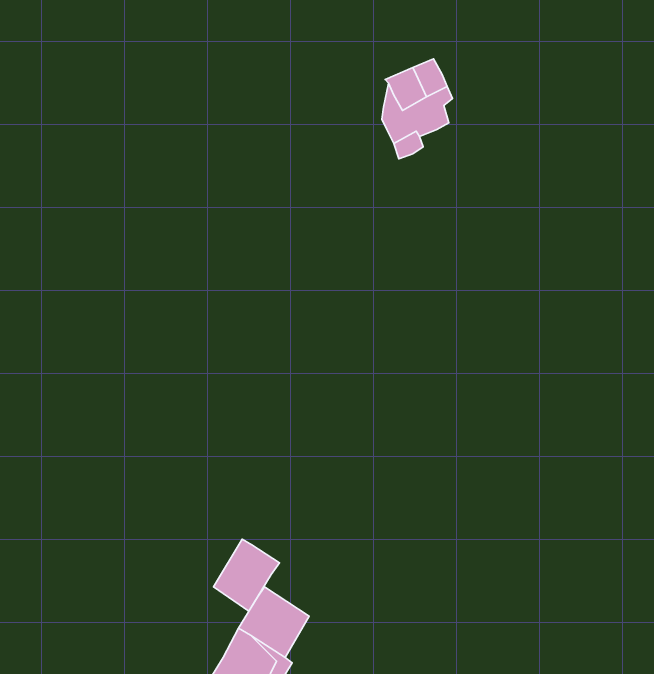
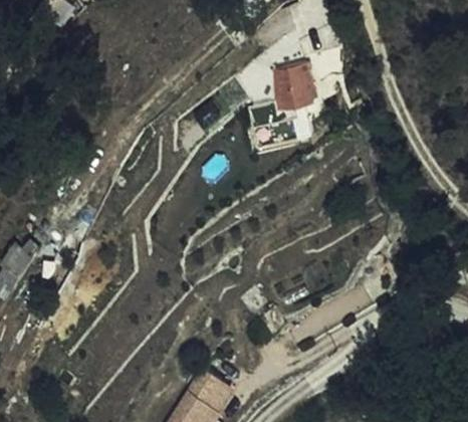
building: [213,539,279,611] -> none

